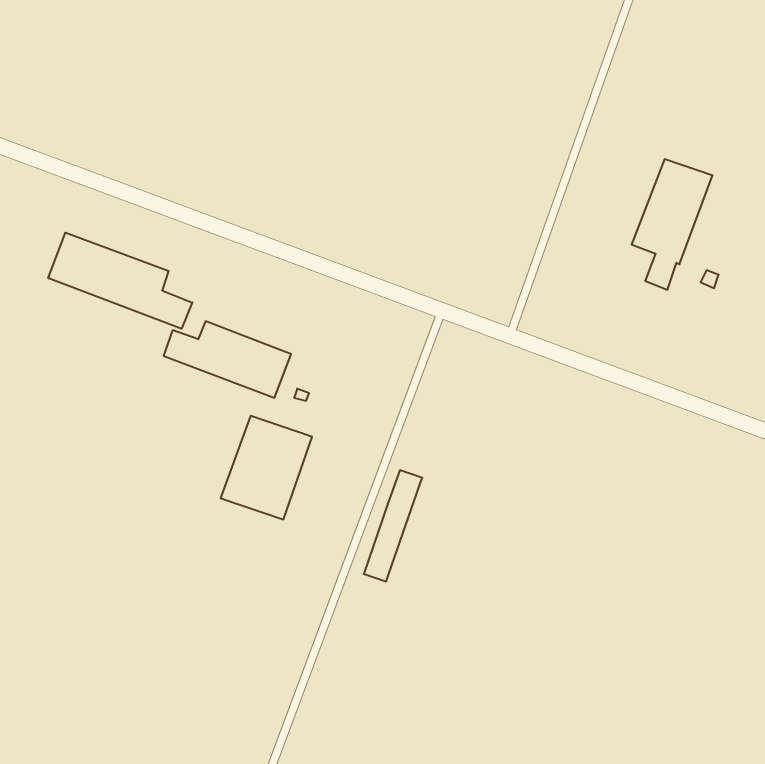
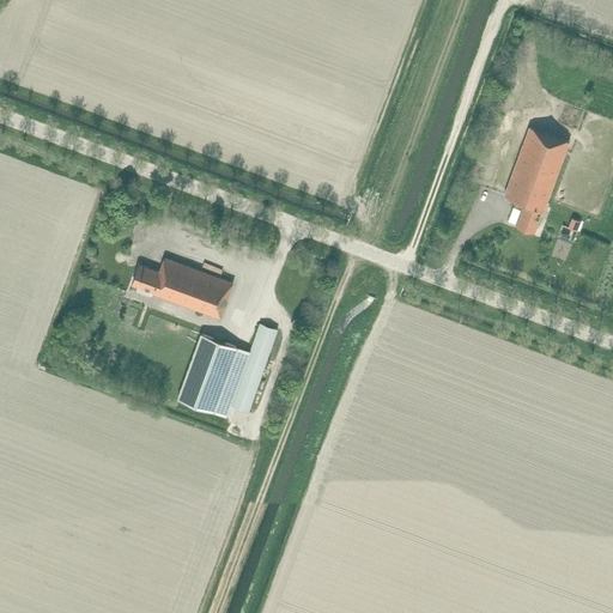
building: [48,233,192,329] -> none
building: [364,470,422,581] -> [230,324,277,413]

